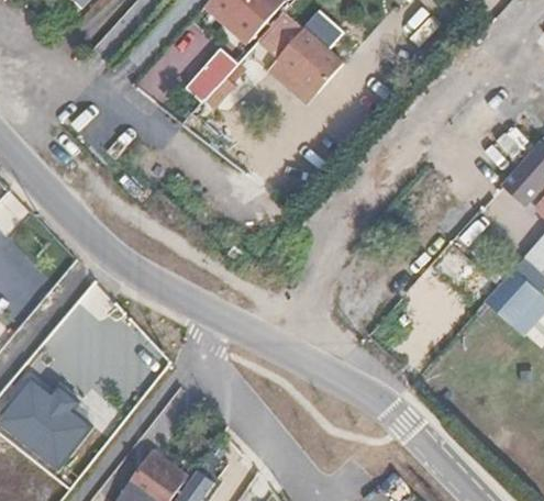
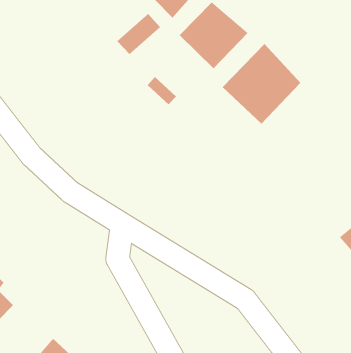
building: none -> [222,43,301,125]

